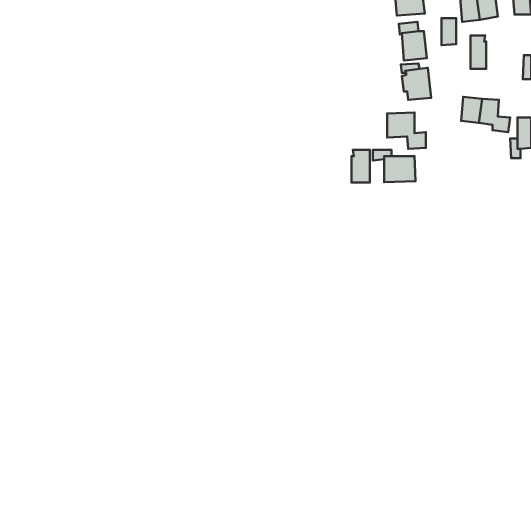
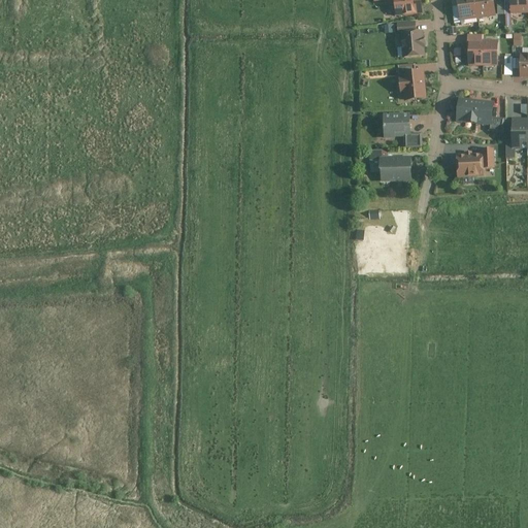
building: [442,18,456,45] -> [482,41,496,68]
building: none -> [457,146,494,175]
building: [352,150,370,183] -> none

